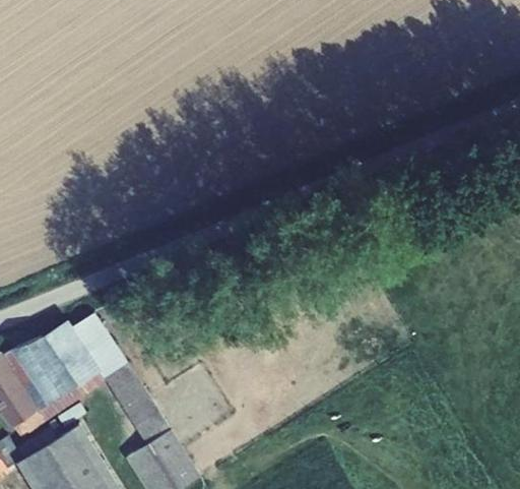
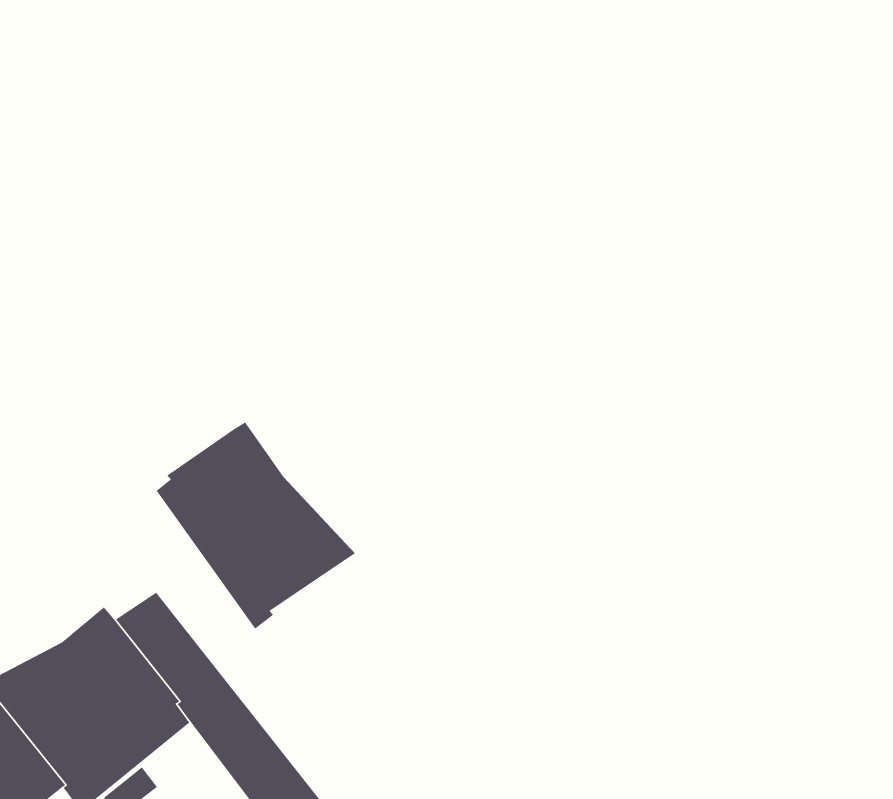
building: none -> [156,421,356,630]

